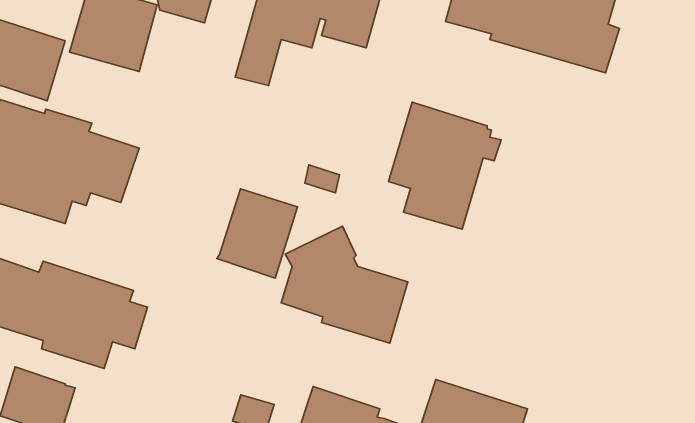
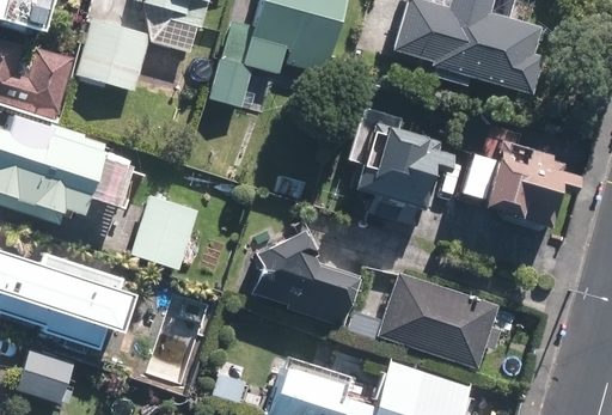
building: none -> [482,142,579,231]
building: [217,189,297,278] -> [130,191,200,268]
building: none -> [378,270,502,368]

